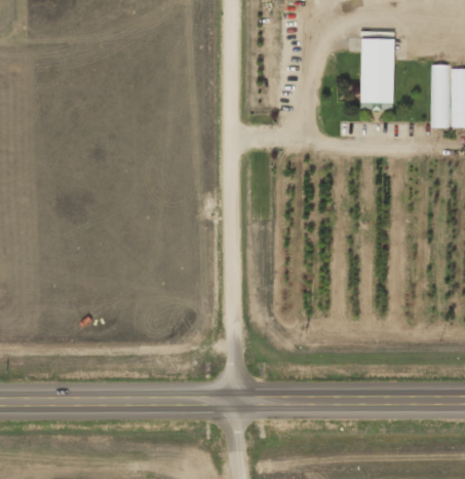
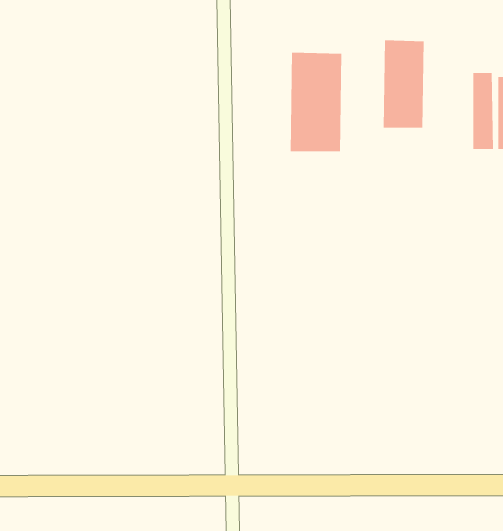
building: none -> [290,52,342,152]

